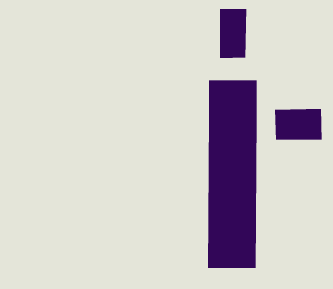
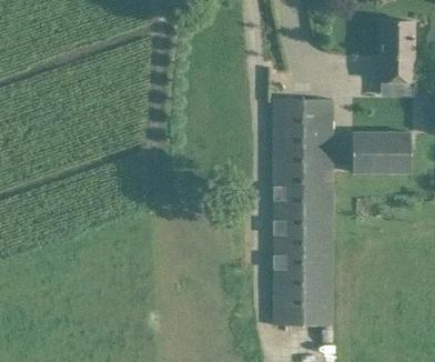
building: [219,8,247,59] -> [382,21,415,81]

